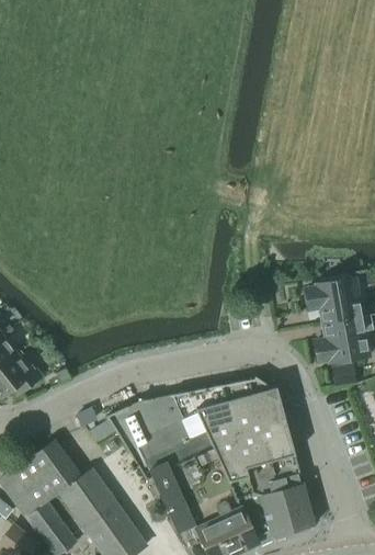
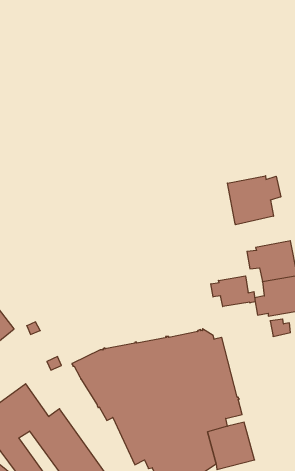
building: none -> [227,176,281,225]
building: none -> [211,276,255,307]

